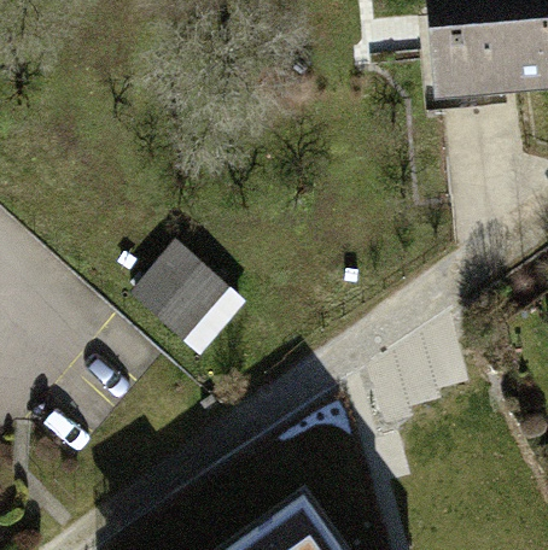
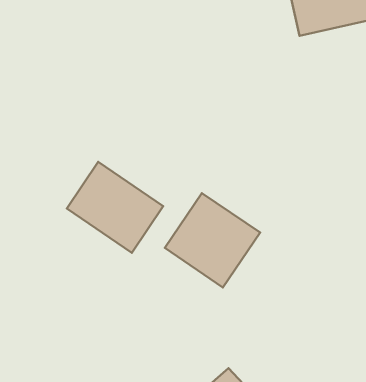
building: none -> [165,193,260,287]

